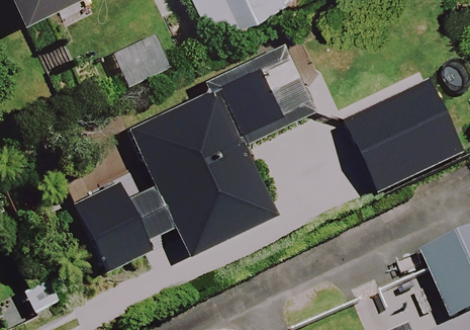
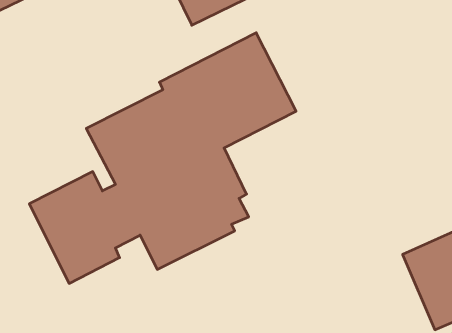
building: [339,81,452,187] -> none

